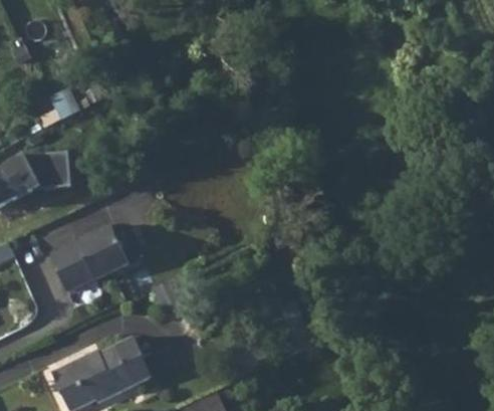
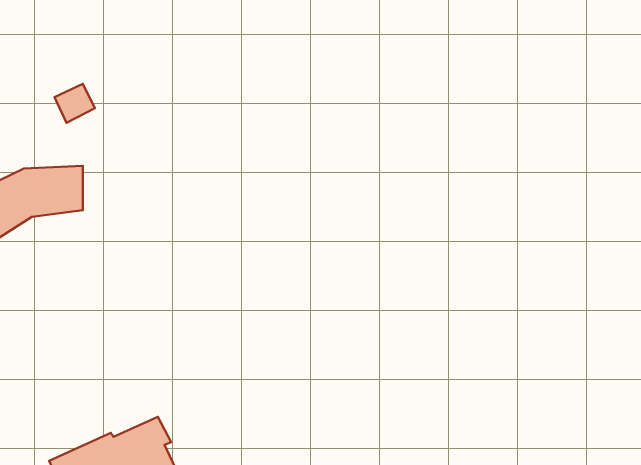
building: [50,228,128,291] -> none

